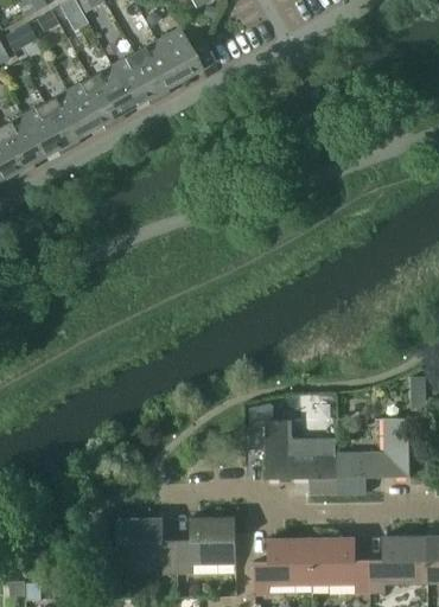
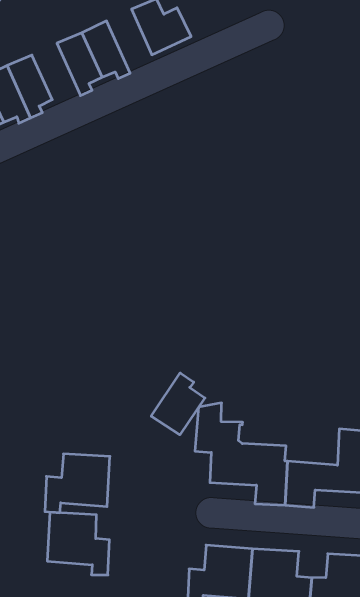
building: [133,38,178,98] -> none
building: [65,76,114,129] -> none
building: none -> [151,373,205,435]
building: [176,516,235,573] -> [45,454,110,513]

